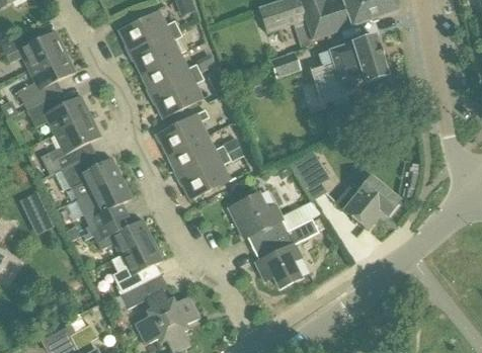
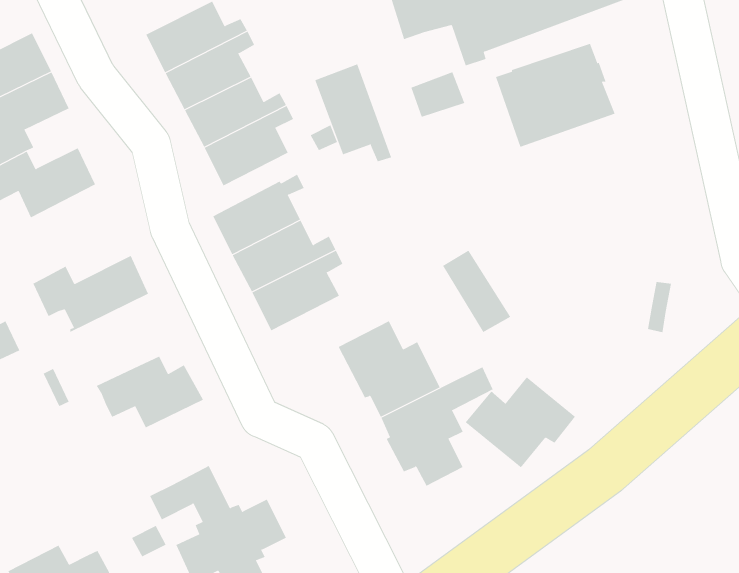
building: none -> [315,64,392,162]
building: [41,114,100,173] -> none
building: [335,176,399,229] -> [465,376,576,468]
building: [75,177,131,230] -> none
building: [111,238,162,292] -> none

